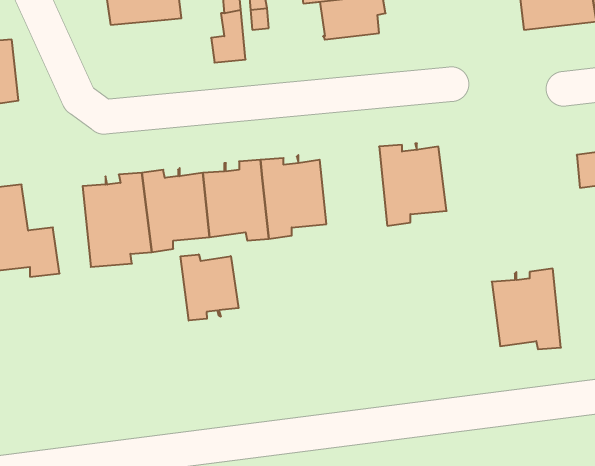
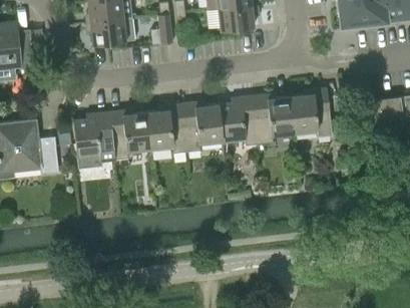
building: none -> [89,17,134,44]
building: none -> [217,95,258,144]
building: [181,254,239,321] -> none
building: [492,269,561,349] -> [289,87,331,136]

